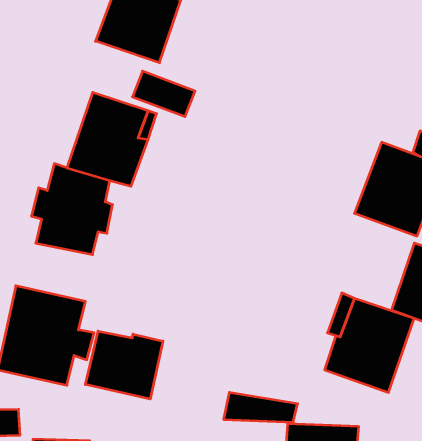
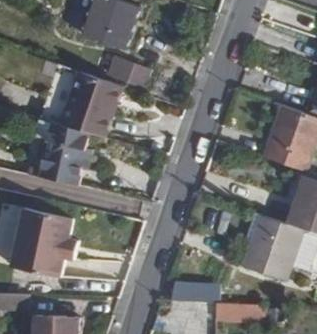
building: [85,331,163,399] -> none

